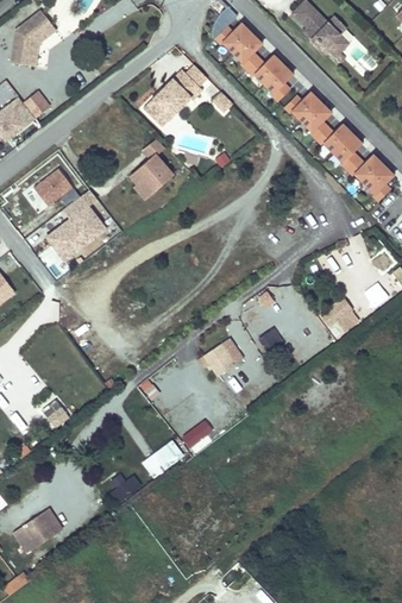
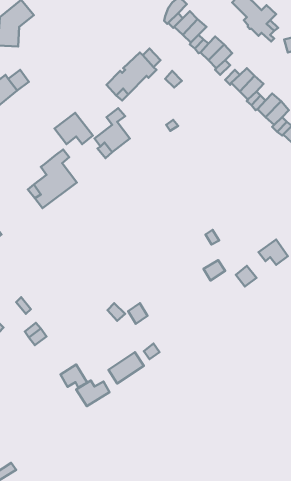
building: [32,170,78,208] -> [55,113,93,144]
building: [207,339,245,376] -> none
building: none -> [60,364,87,388]
building: [17,510,63,552] -> none

